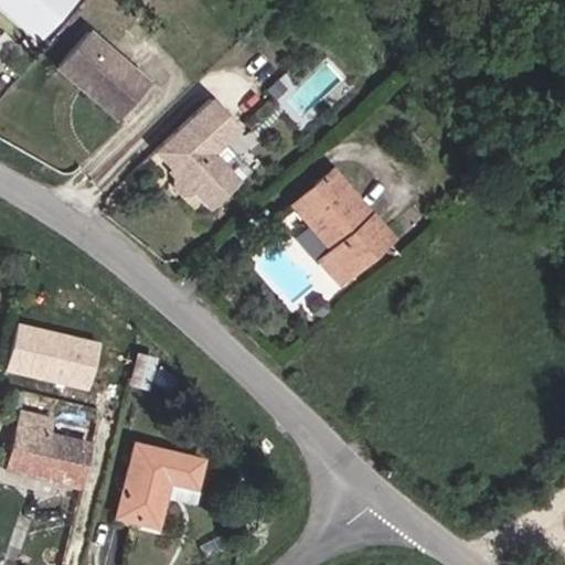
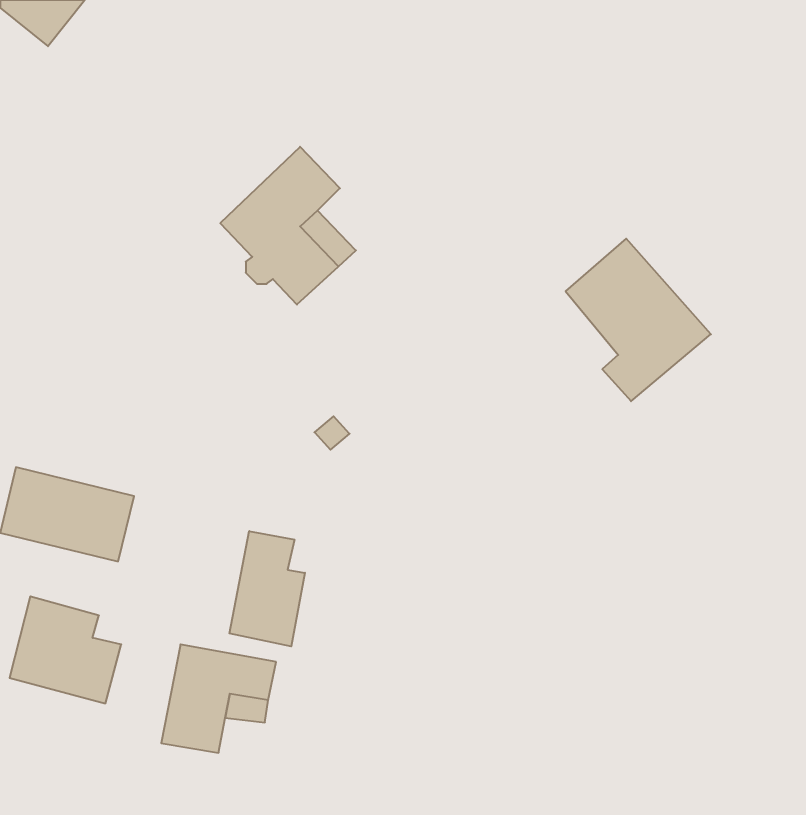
building: [58,35,147,120] -> none
building: [298,175,398,288] -> [566,239,711,401]
building: none -> [229,531,305,646]

